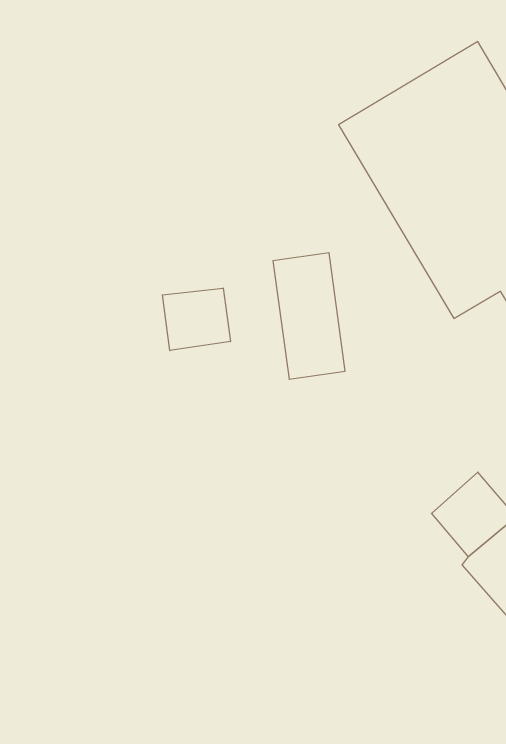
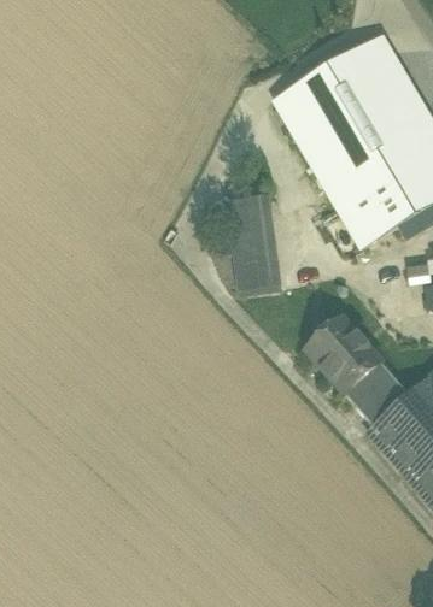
building: [162,288,230,351] -> none
building: none -> [305,316,380,391]

